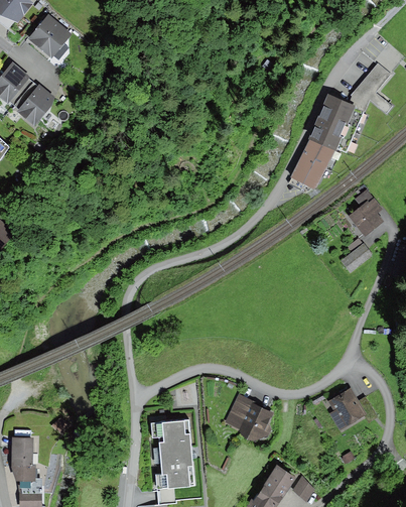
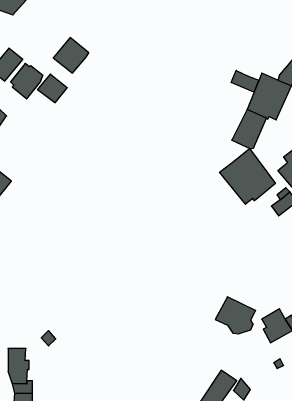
building: [27,14,72,58] -> [53,38,89,73]
building: none -> [231,70,259,92]
building: none -> [38,74,67,103]
building: none -> [220,149,275,204]
building: [224,394,274,440] -> [215,297,256,334]
building: [149,418,195,490] -> none

